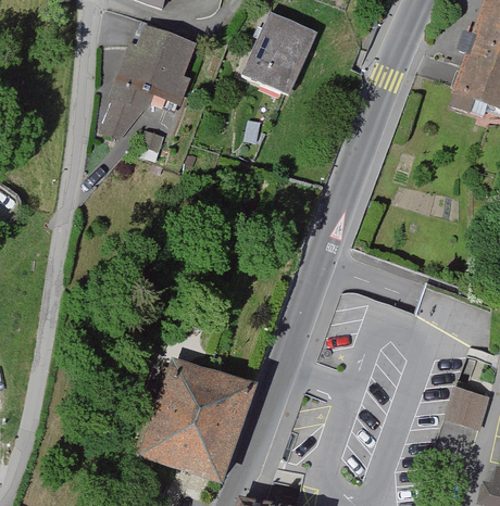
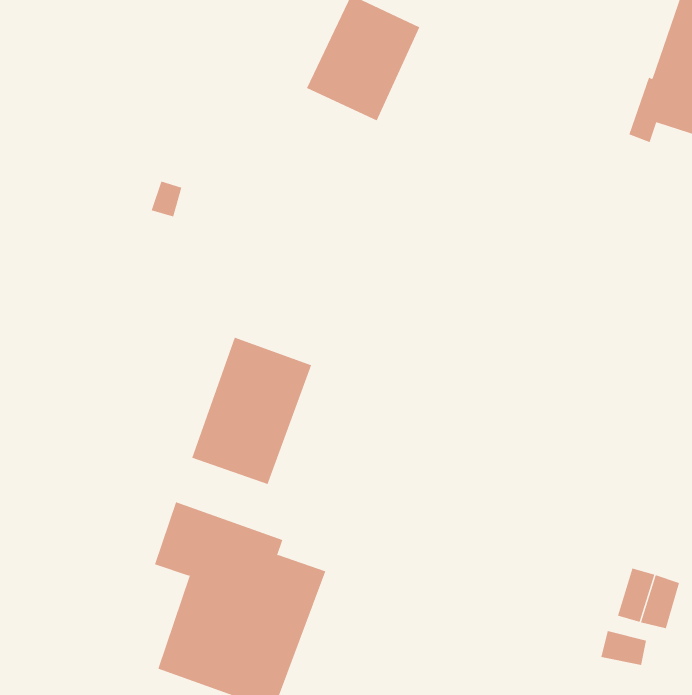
building: [100,27,190,135] -> none
building: none -> [192,337,312,485]

